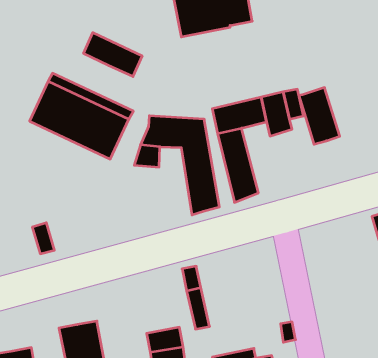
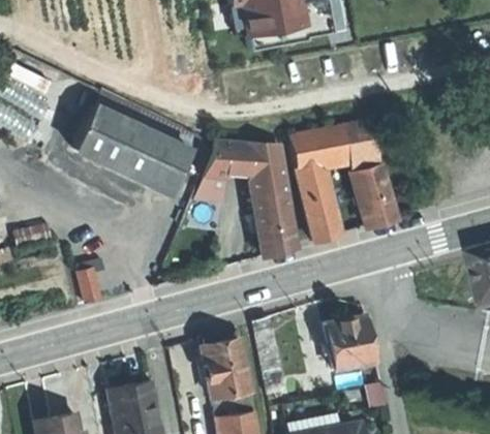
building: [84,33,142,77] -> none
building: [299,88,340,144] -> [350,159,398,225]
building: none -> [323,317,375,372]
building: none -> [201,340,249,398]

